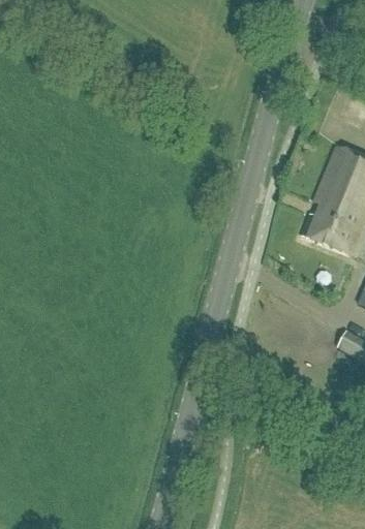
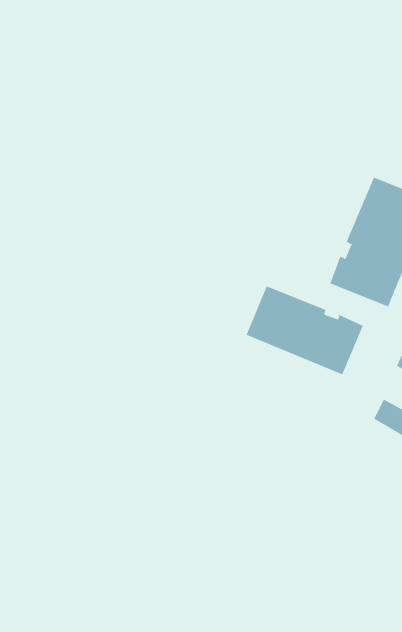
building: none -> [246,286,363,375]

